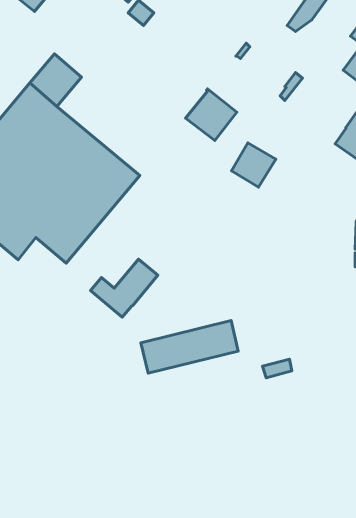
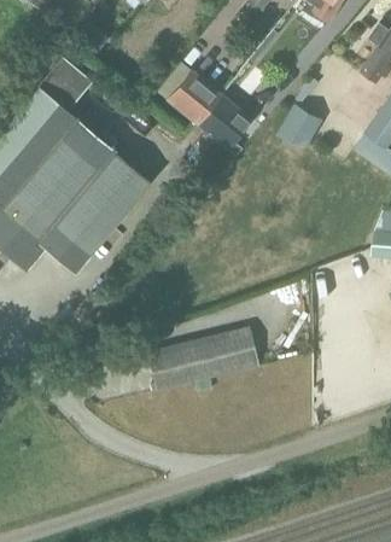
building: none -> [157,63,221,124]
building: [232,143,276,187] -> [278,104,323,150]
building: [90,259,158,317] -> none

